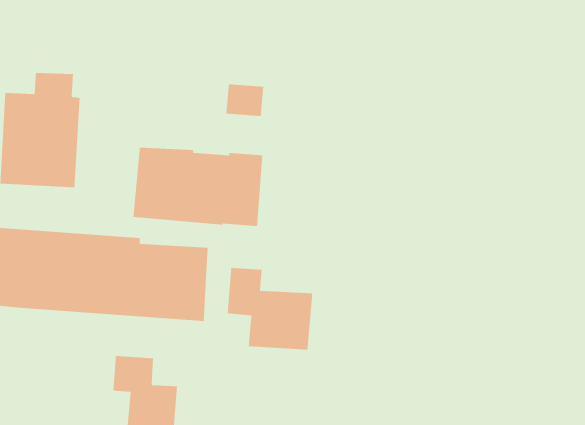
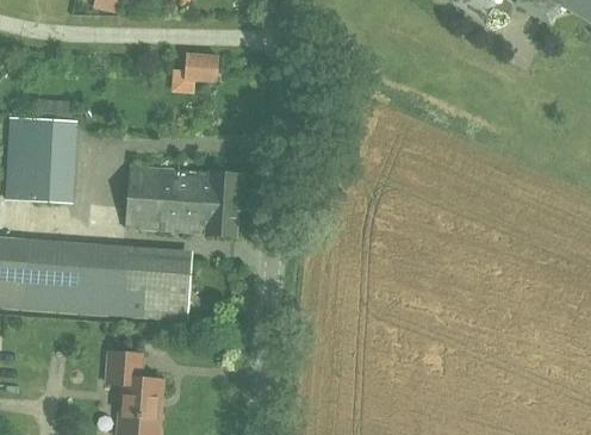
building: [226,84,264,117] -> [185,52,219,82]
building: [227,267,313,351] -> none

